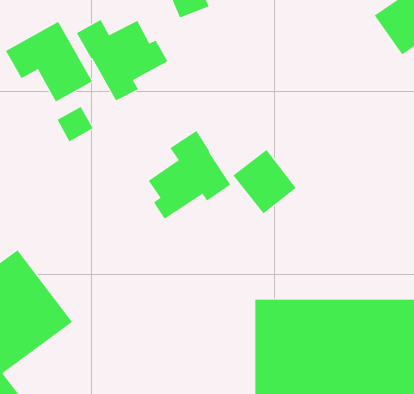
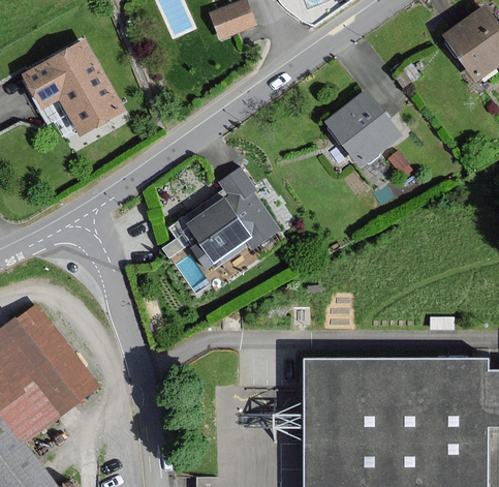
building: [76,19,168,101] -> none
building: [57,106,94,142] -> none
building: [232,149,297,214] -> [324,92,398,166]

